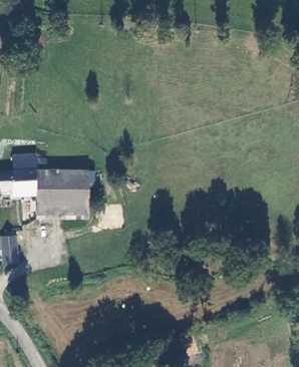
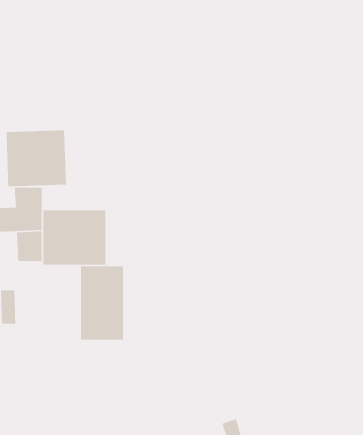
building: none -> [6,129,67,187]
building: none -> [80,266,124,340]

